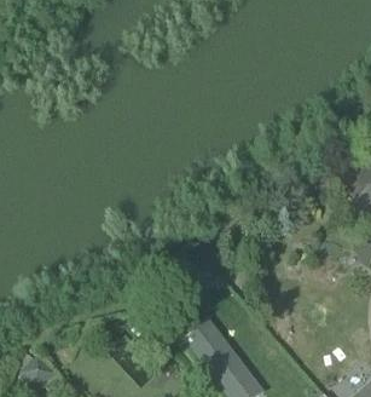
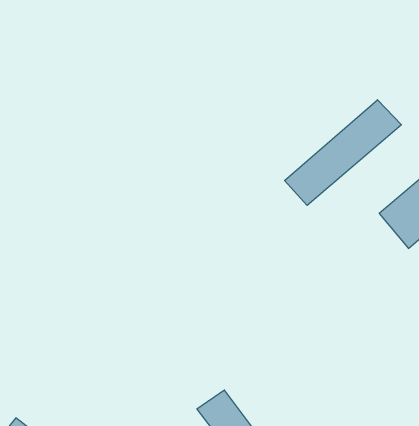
building: none -> [285,100,401,205]

